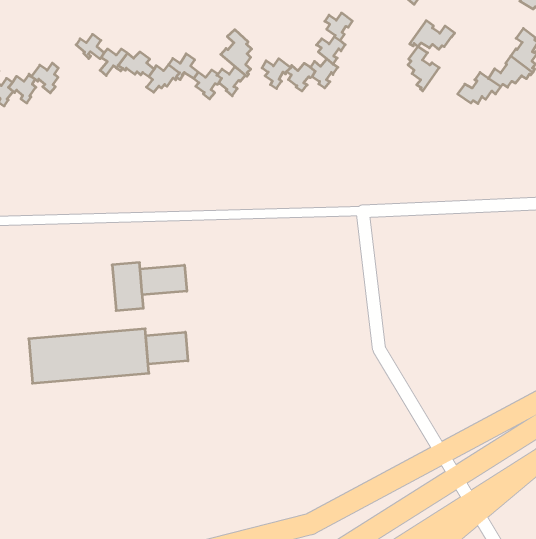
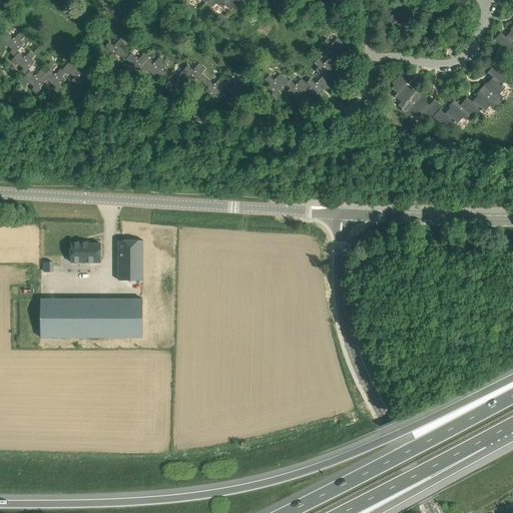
building: [410,21,455,49] -> [402,92,442,118]
building: [221,30,252,76] -> none
building: [140,265,187,295] -> none
building: none -> [68,241,100,262]
building: [146,332,188,364] -> none

